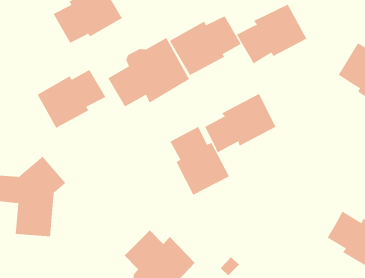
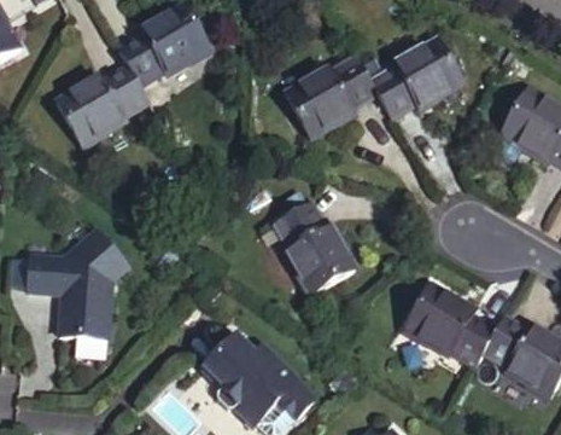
building: [107,37,190,107] -> none
building: [37,69,106,129] -> [54,65,147,145]
building: [204,93,276,153] -> none
building: none -> [403,280,497,362]

